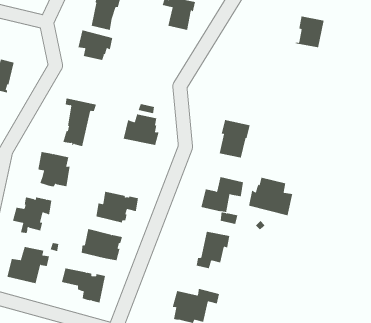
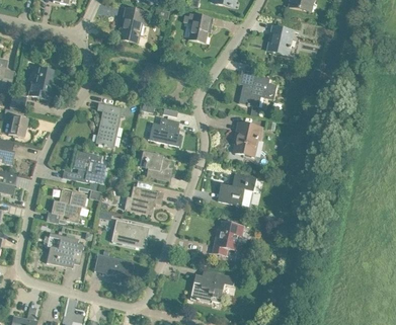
building: [295,16,325,48] -> [267,25,294,54]
building: [78,30,113,61] -> none
building: none -> [239,73,278,106]
building: none -> [141,150,173,180]
building: [248,177,293,216] -> none

